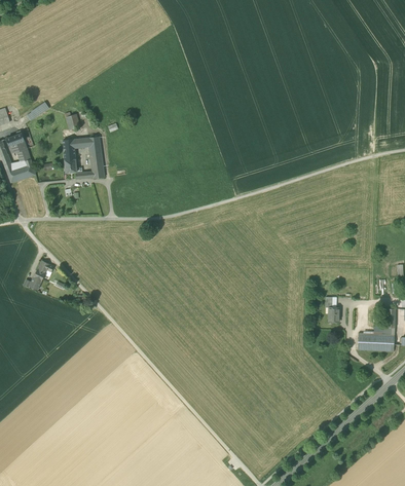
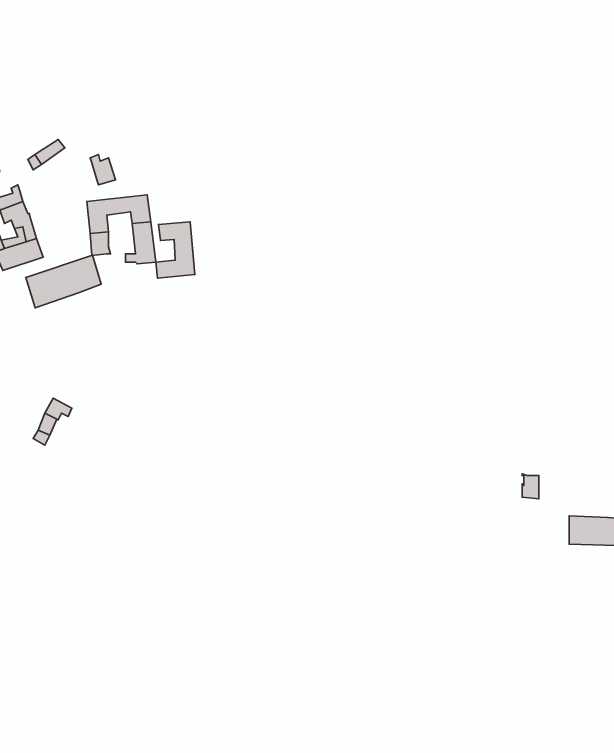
building: none -> [156,222,195,278]
building: none -> [26,255,101,308]

